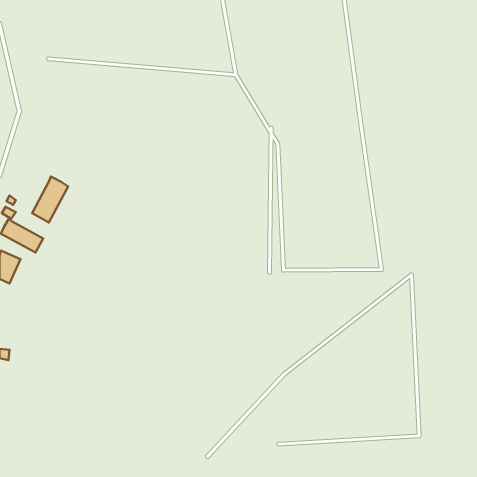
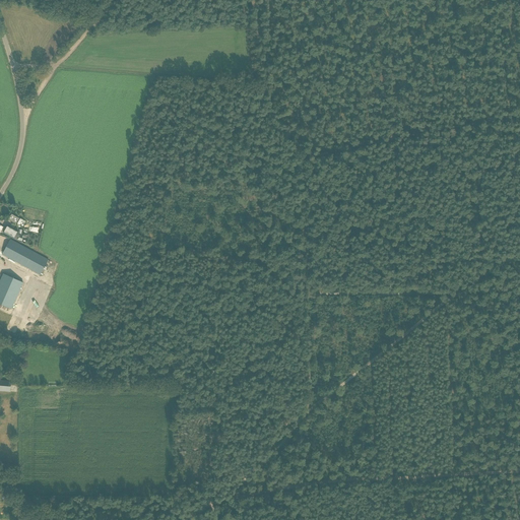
building: [32,176,68,222] -> none

